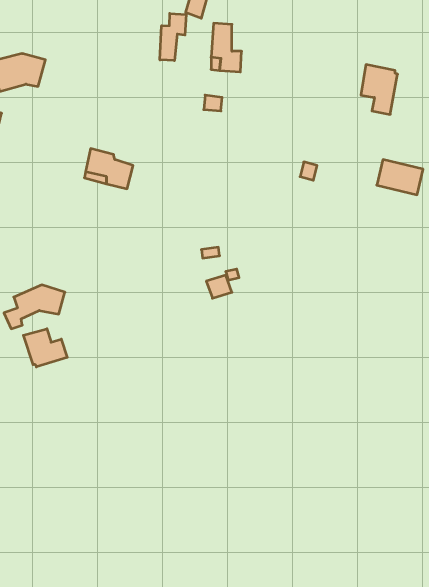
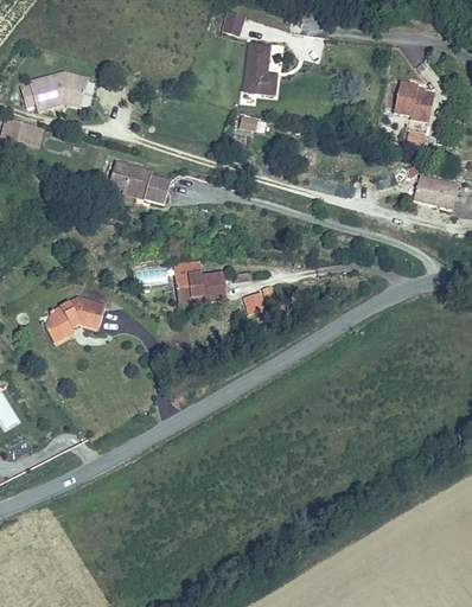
building: [160,13,186,61] -> none
building: none -> [178,255,229,295]
building: [23,329,67,367] -> none

